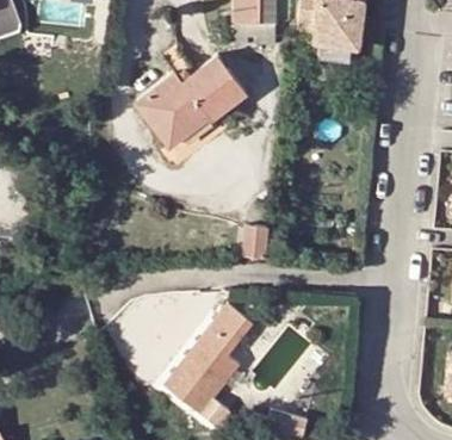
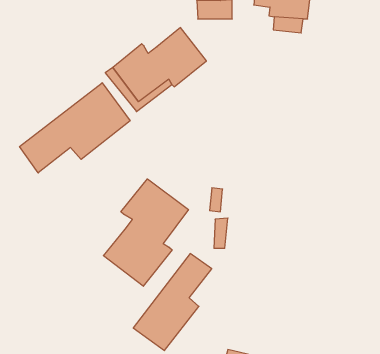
building: none -> [20,83,130,173]
building: none -> [103,179,188,286]

